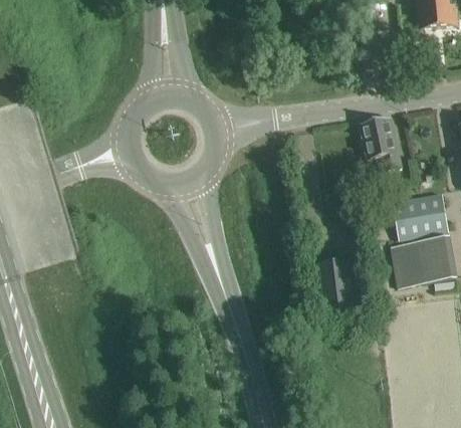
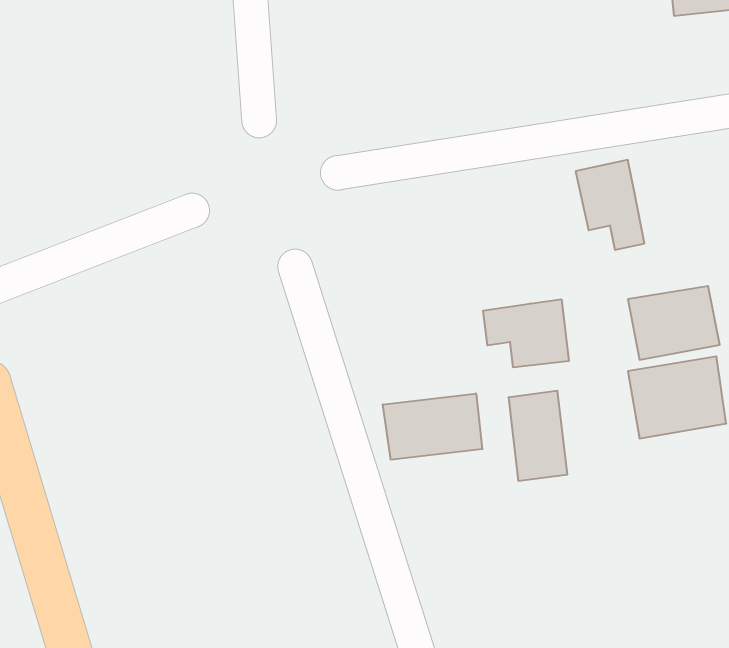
building: none -> [483,299,569,367]
building: none -> [383,393,482,460]

